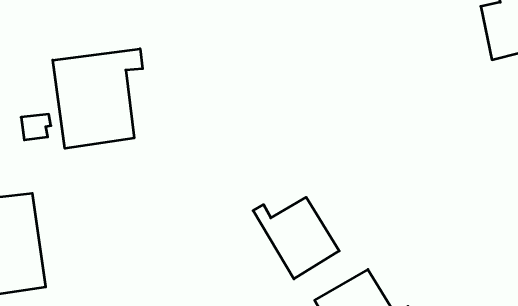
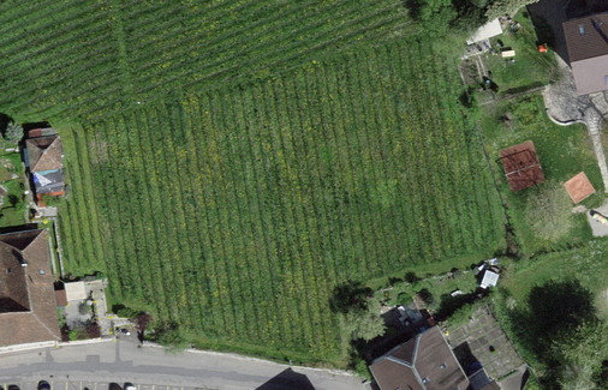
building: [53,49,143,148] -> none
building: [253,197,339,279] -> none

